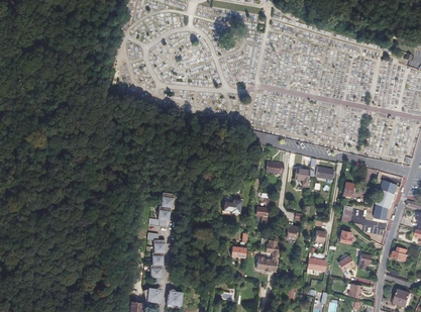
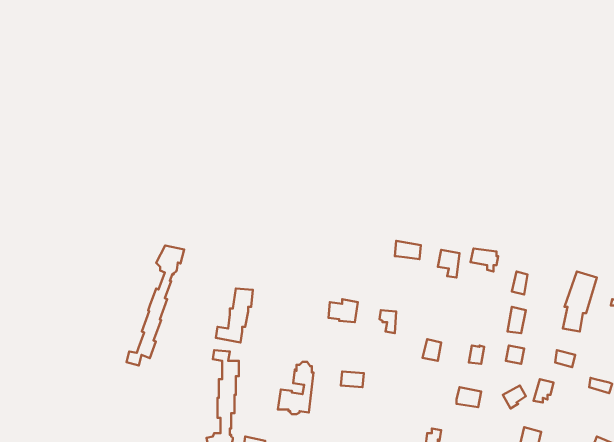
building: none -> [127,245,184,365]
building: [255,237,279,272] -> [278,362,313,414]

